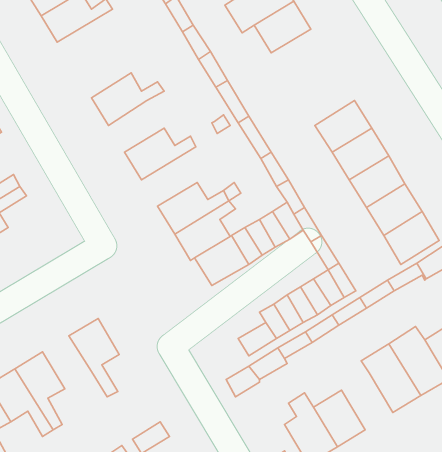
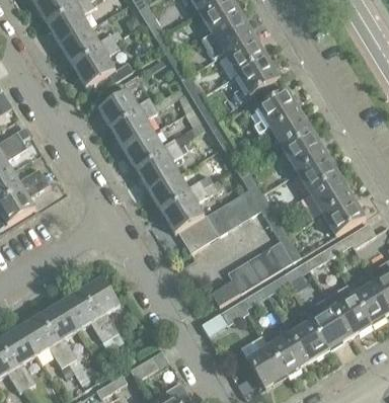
building: none -> [72,41,120,87]
building: none -> [233,56,280,102]
building: none -> [255,89,300,136]
building: none -> [111,99,165,150]
building: none -> [137,142,188,191]
building: none -> [61,291,110,342]
building: none -> [290,319,329,362]

